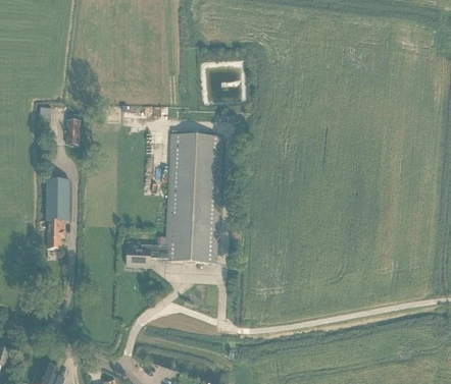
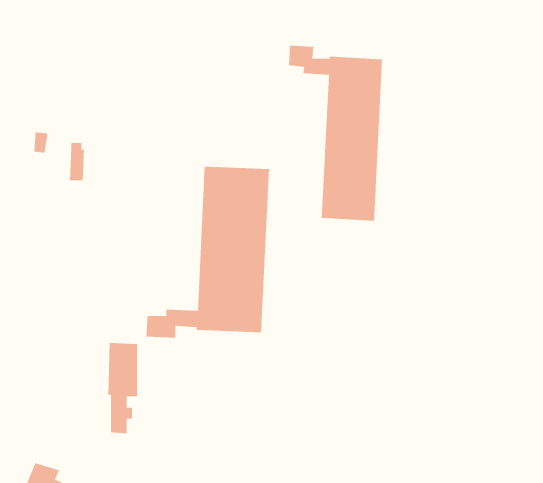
building: none -> [289,45,382,221]
building: [45,177,68,248] -> [108,343,138,434]

